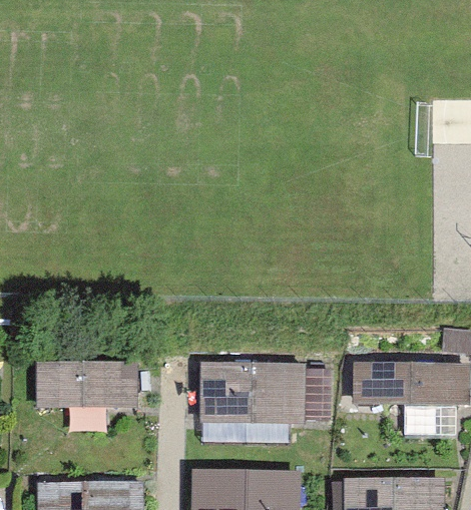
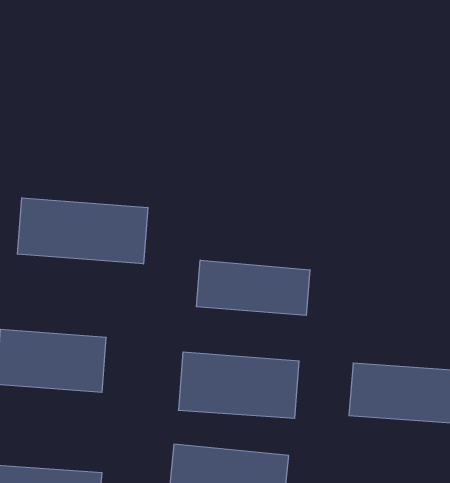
building: none -> [18,198,148,264]
building: none -> [197,260,310,315]

